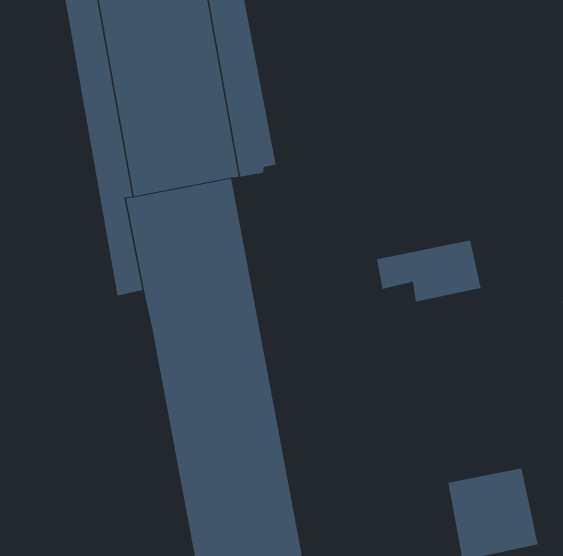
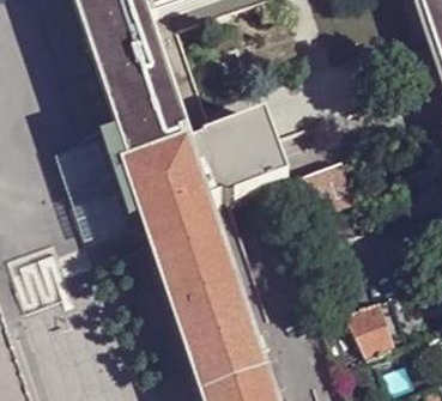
building: none -> [188,115,289,201]

